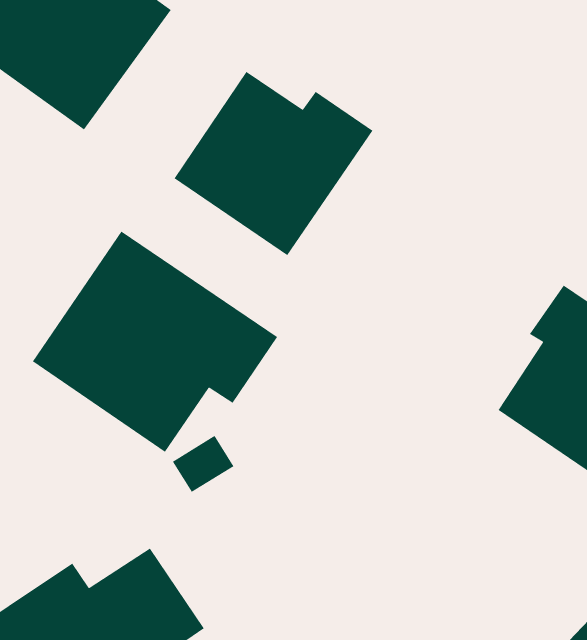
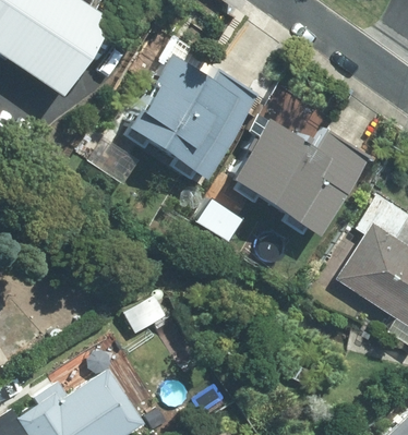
building: none -> [230,124,368,238]
building: [32,230,278,453] -> none

